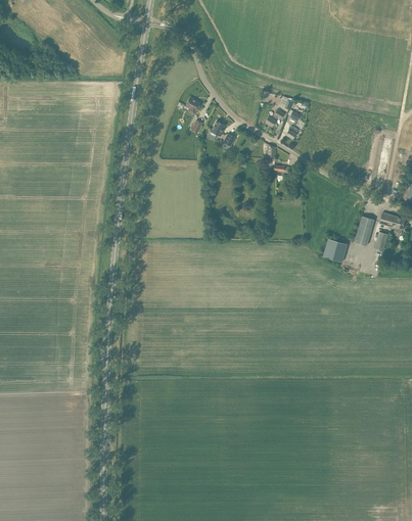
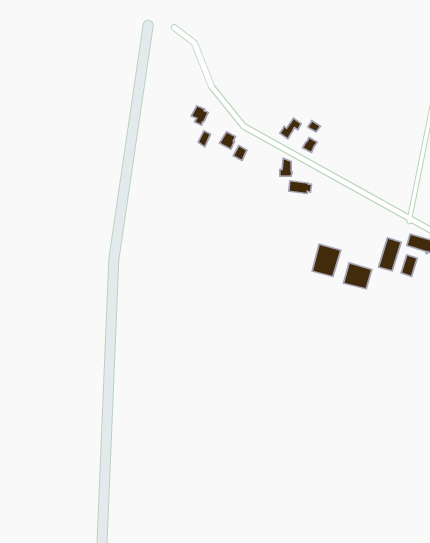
building: none -> [312,244,341,277]

